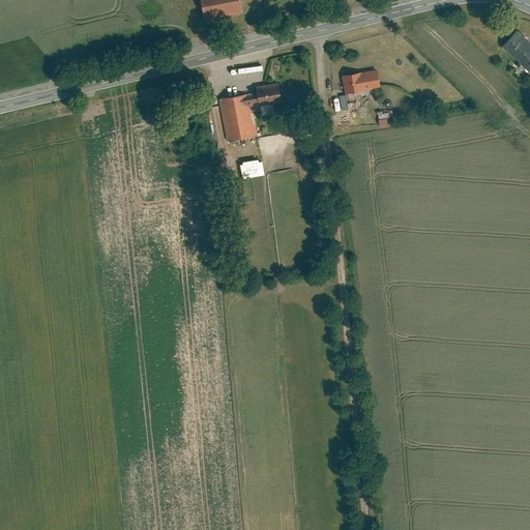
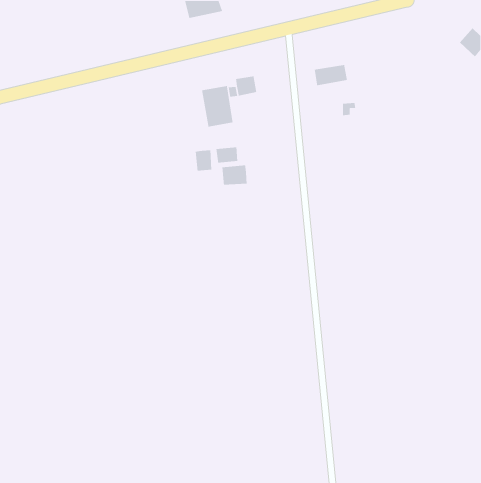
building: none -> [195,150,212,172]
building: none -> [222,164,248,185]

